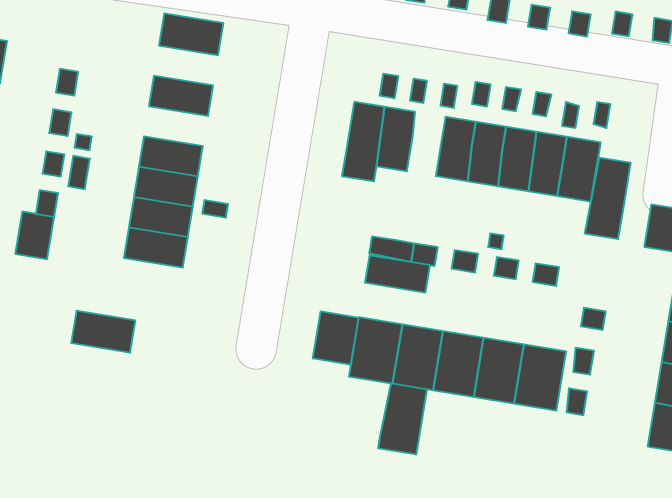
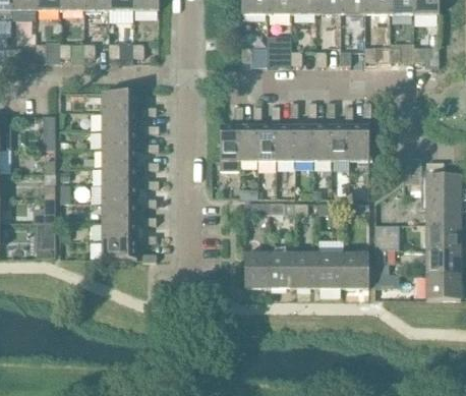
building: none -> [101,111,136,129]
building: none -> [101,148,136,166]
building: none -> [257,125,276,161]
building: [585,157,631,239] -> none
building: [365,255,430,293] -> none
building: [71,311,135,353] -> [101,239,136,259]
building: [313,311,359,365] -> none
building: [378,383,427,455] -> none

